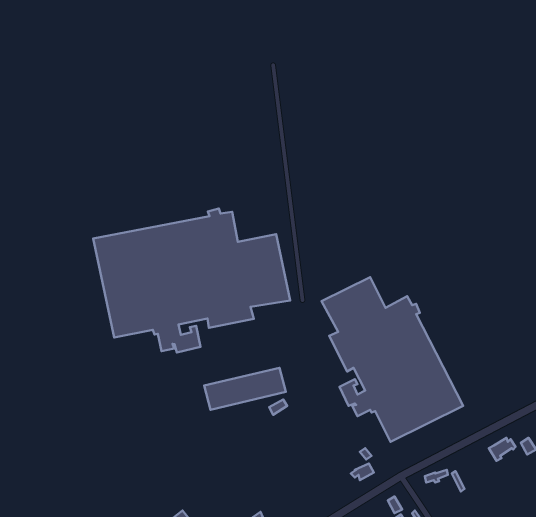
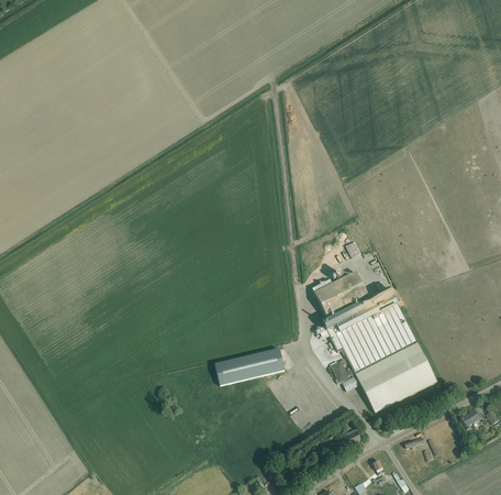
building: [93,209,290,352] -> none

